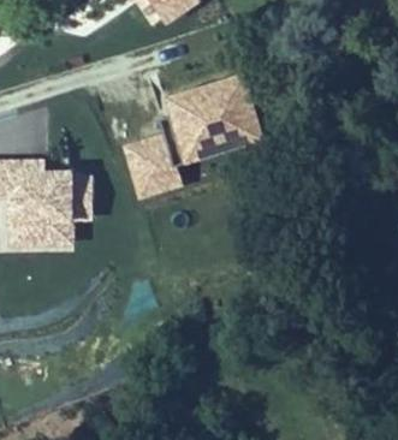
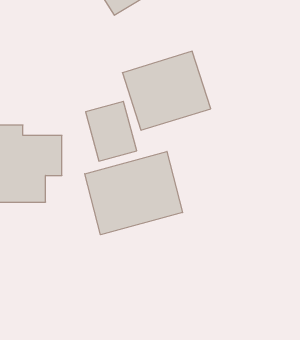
building: none -> [85,151,183,235]

